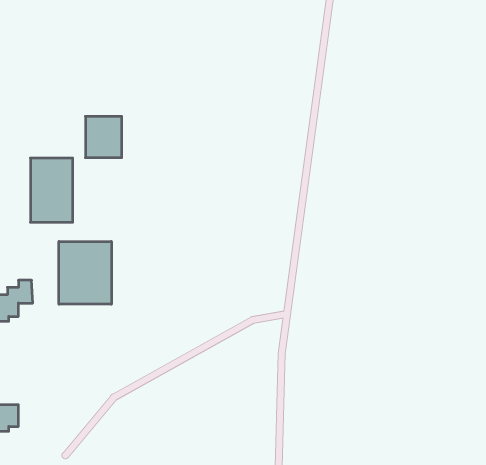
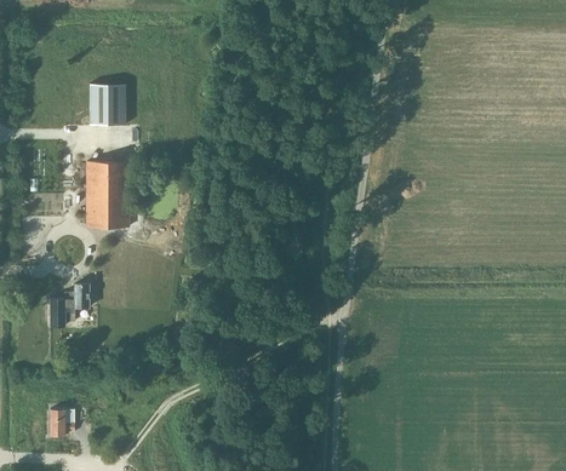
building: [85,116,122,158] -> [90,84,126,125]
building: [59,241,111,304] -> none

